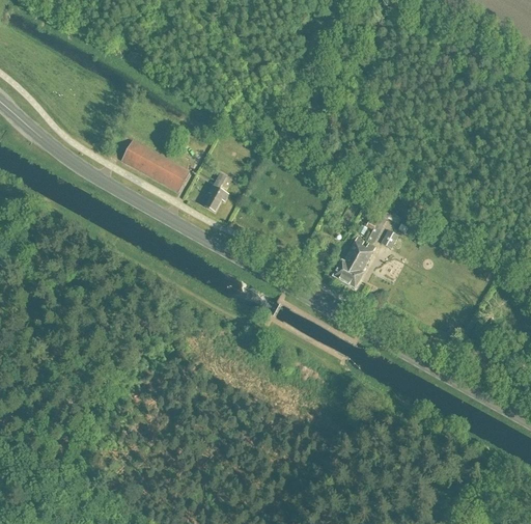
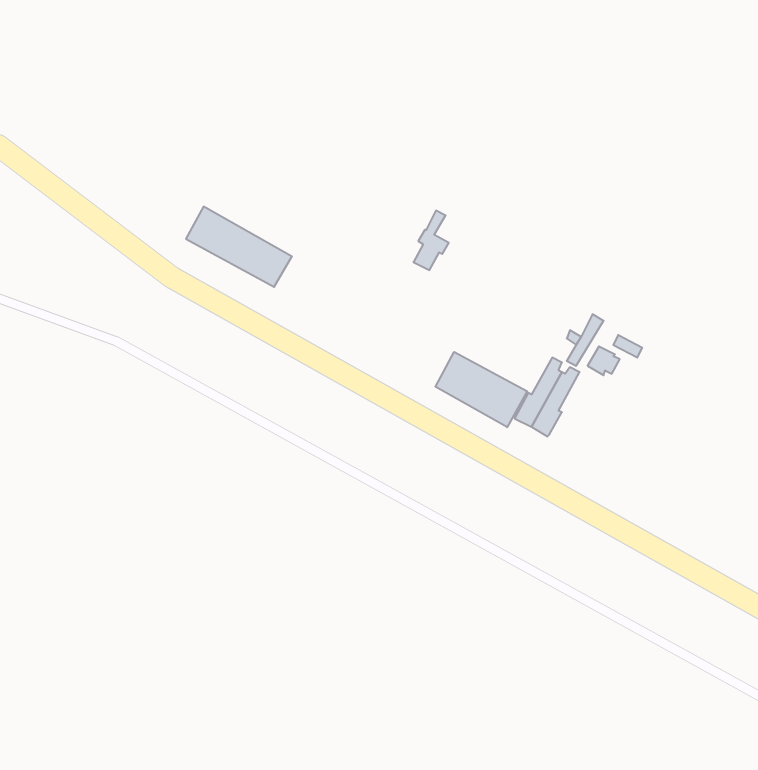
building: [205,172,228,211] -> [413,211,449,270]
building: none -> [435,352,527,427]

